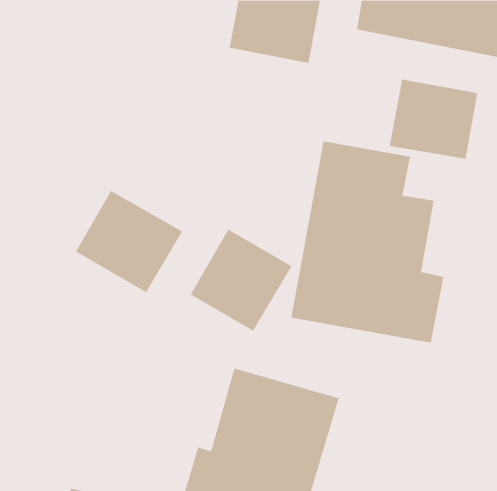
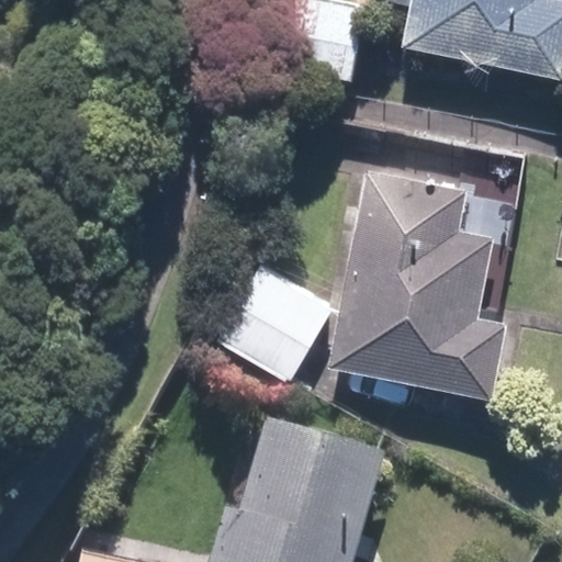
building: [389,79,478,159] -> none
building: [75,190,183,293] -> none

